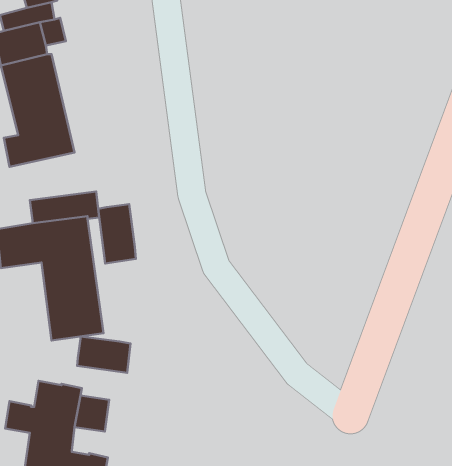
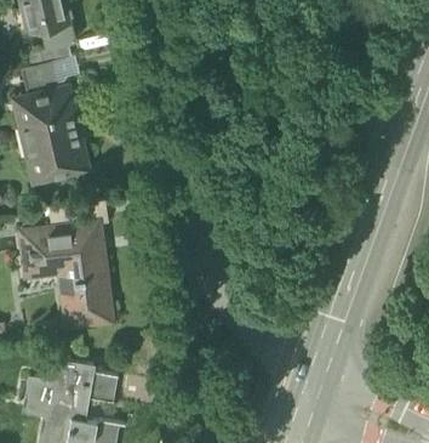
building: [98,204,136,264] -> none
building: [77,336,131,373] -> none

